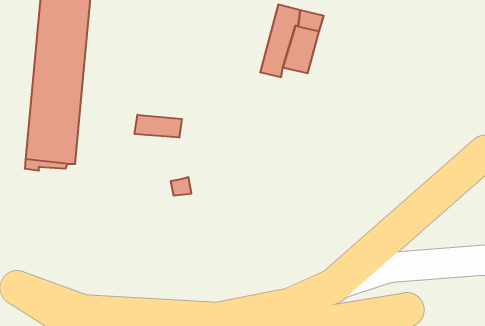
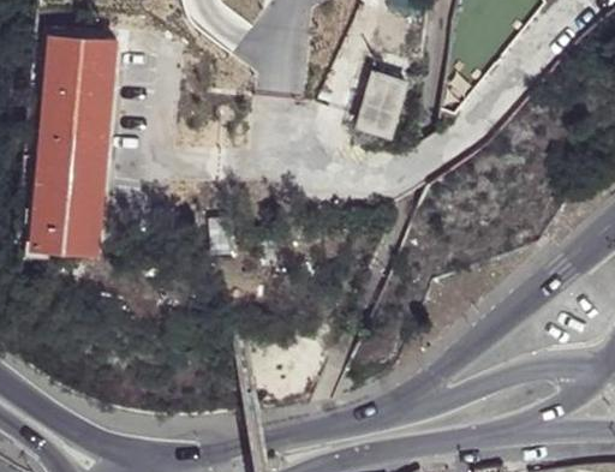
building: [135,115,182,138] -> none

